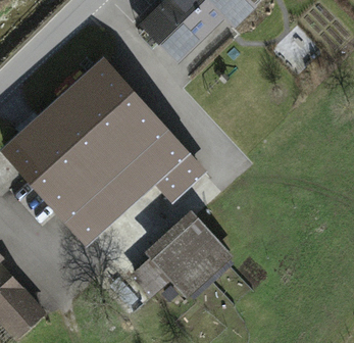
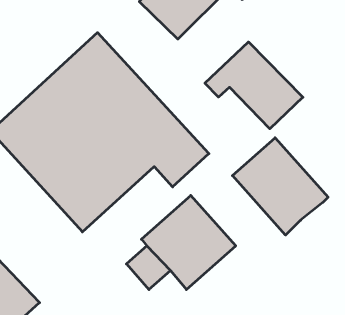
building: none -> [205,42,303,129]
building: none -> [232,138,328,235]

